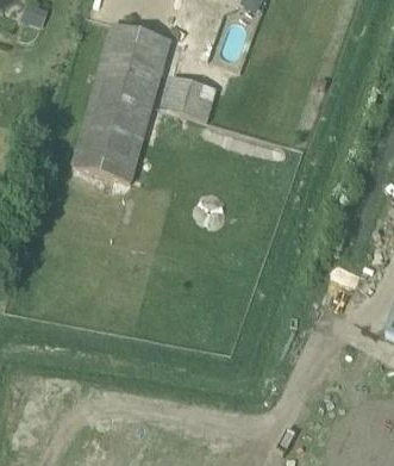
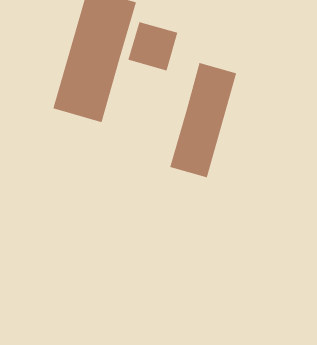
building: none -> [170,62,237,178]

